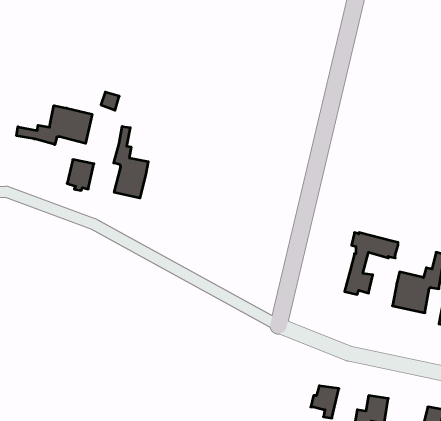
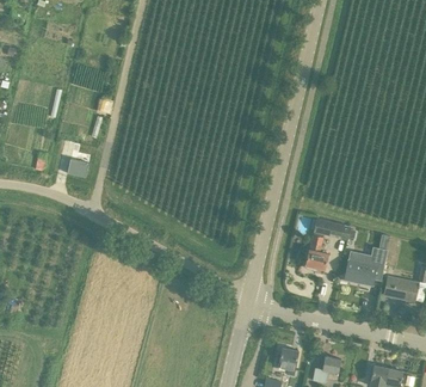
building: [17,106,92,145] -> none
building: [114,126,148,198] -> none

